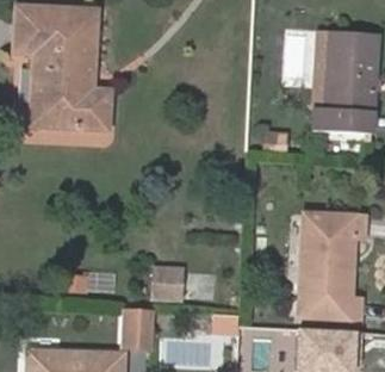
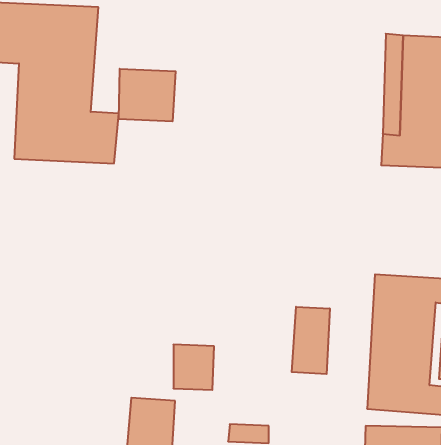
building: none -> [119,69,176,121]
building: none -> [292,307,330,374]

